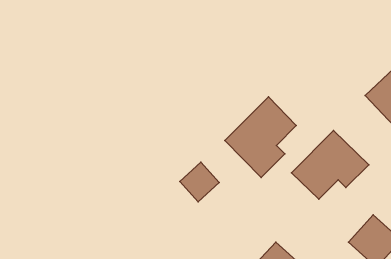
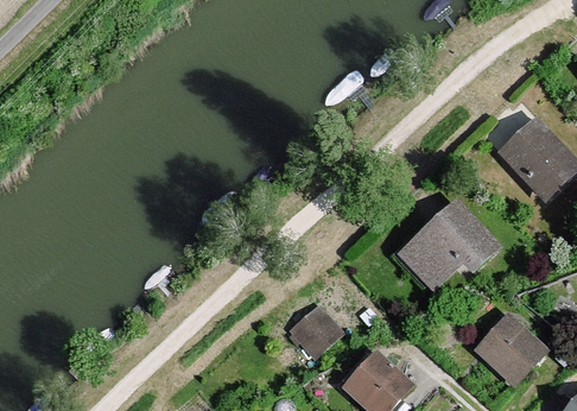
building: [225,97,296,178] -> none
building: [180,162,219,202] -> [290,303,343,356]

